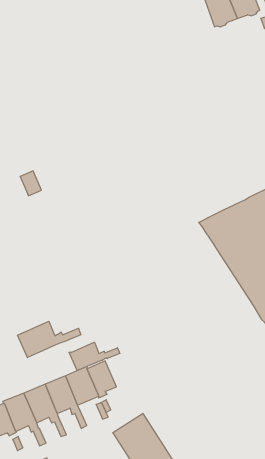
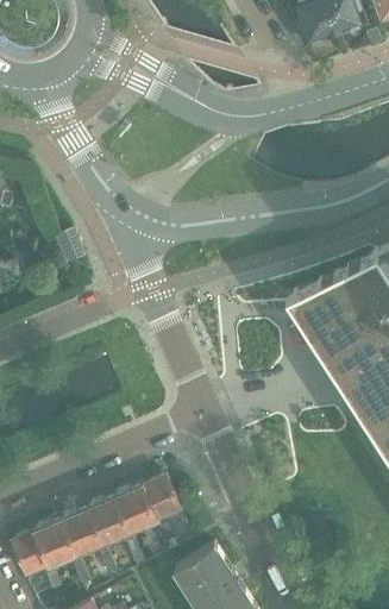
building: [17,321,81,358] -> none
building: [69,342,120,370] -> none

